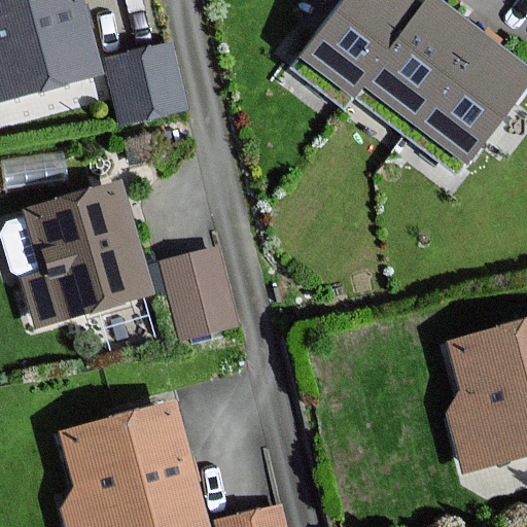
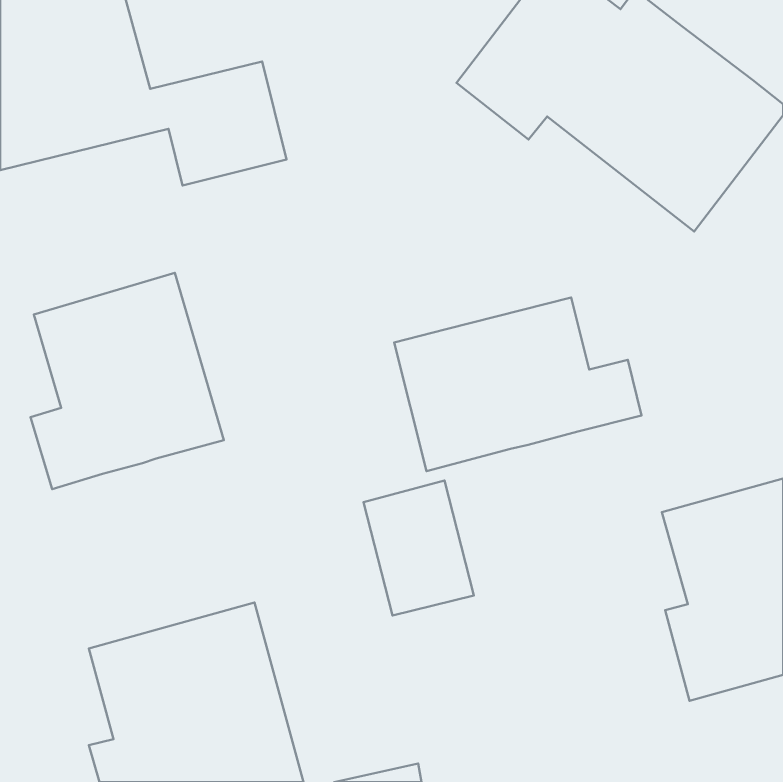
building: none -> [394,297,642,471]
building: [161,248,235,339] -> [363,481,474,616]

